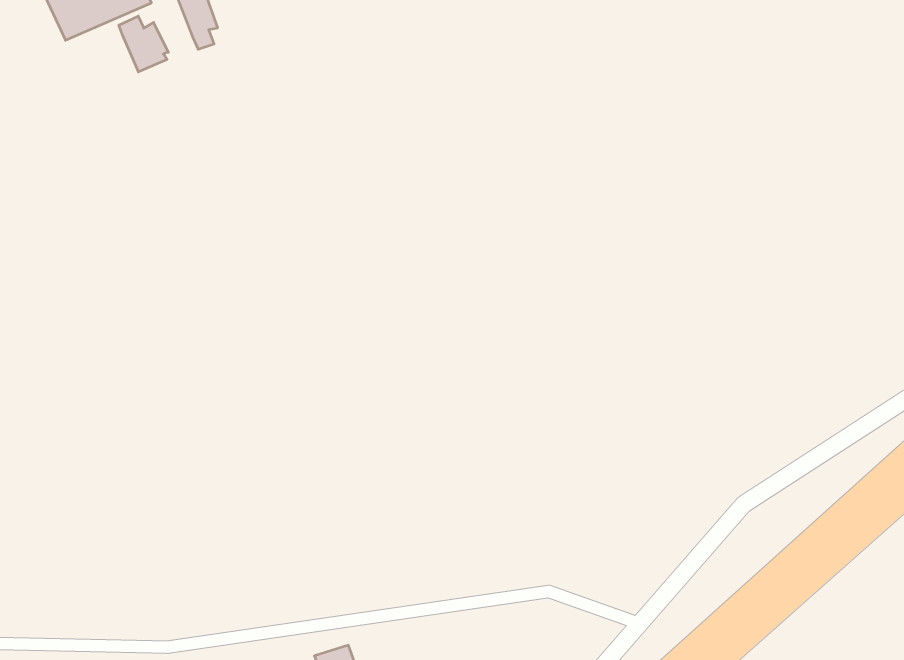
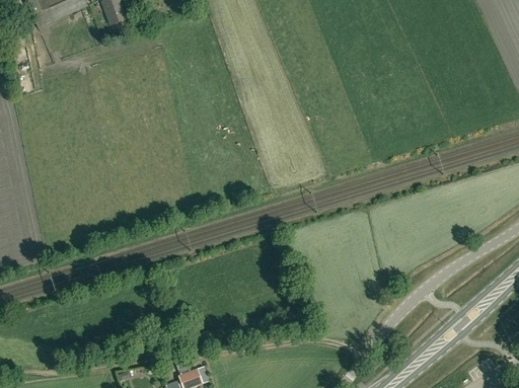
building: [119,16,168,72] -> none

